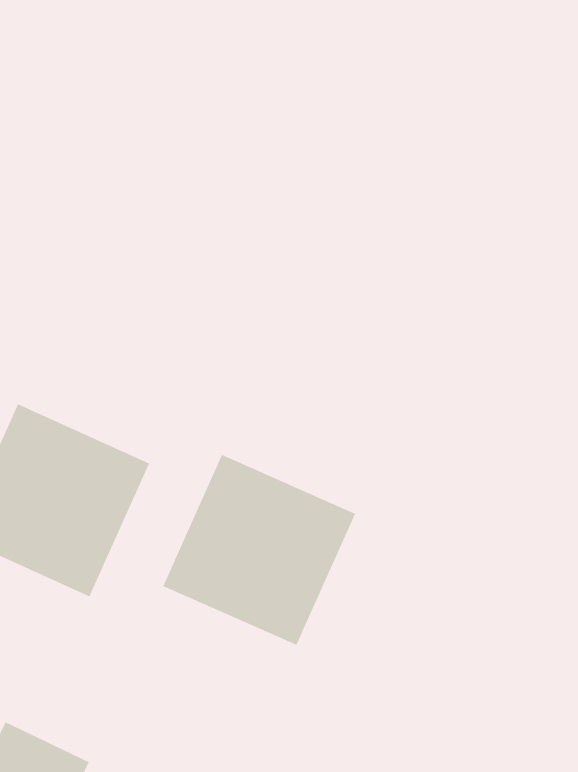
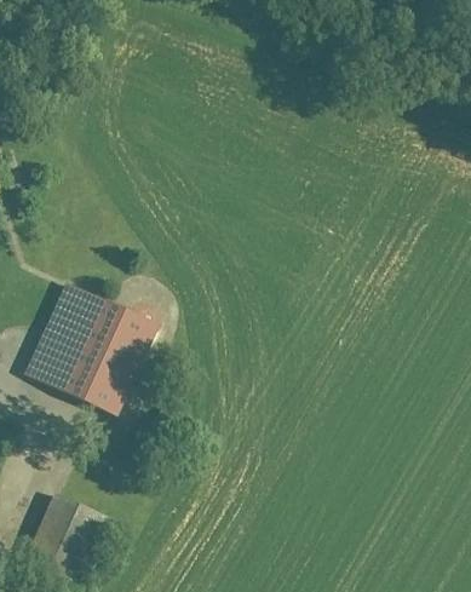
building: [162,454,356,646] -> none

